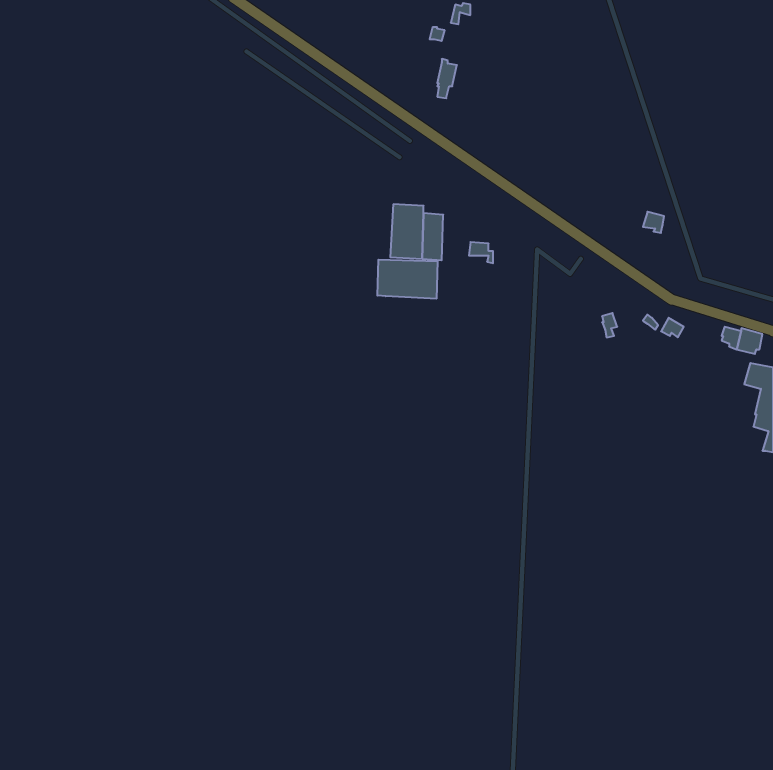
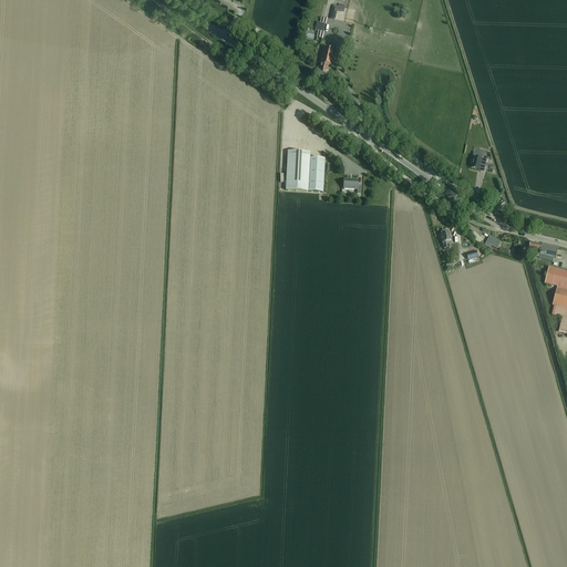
building: [377,260,438,299] -> none

